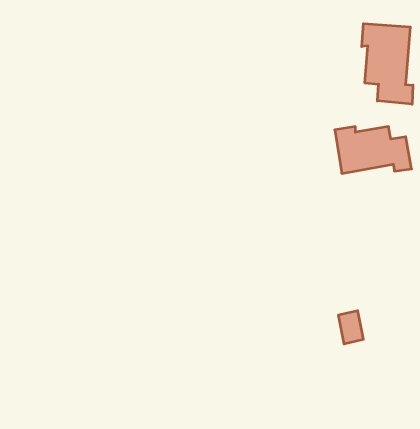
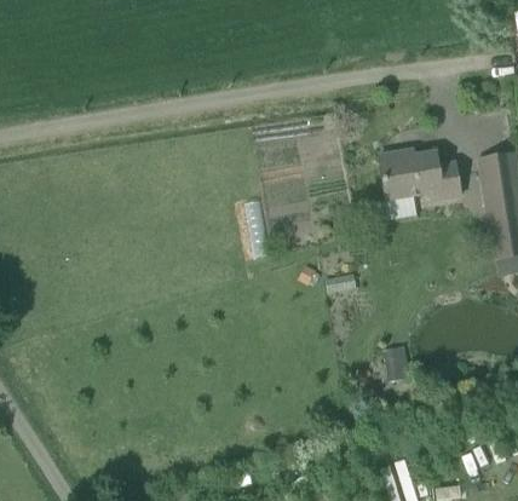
building: [362,24,413,104] -> none

